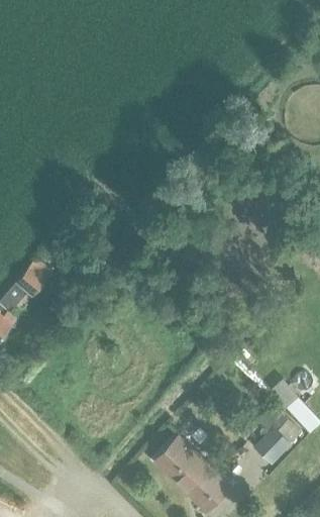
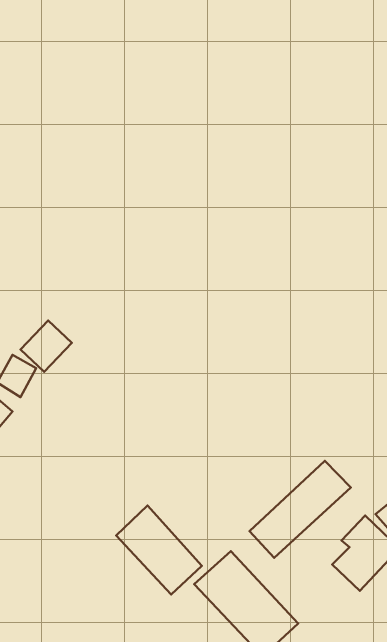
building: none -> [249,461,351,558]
building: none -> [116,505,202,595]

